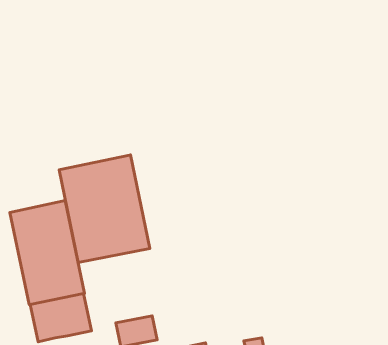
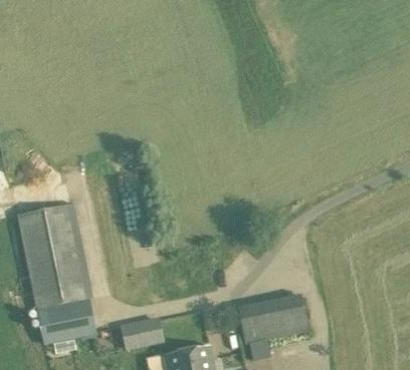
building: [59,155,150,263] -> none
building: none -> [239,293,311,343]

